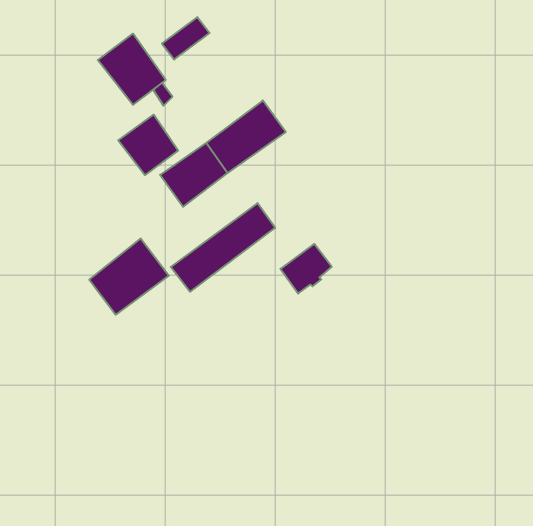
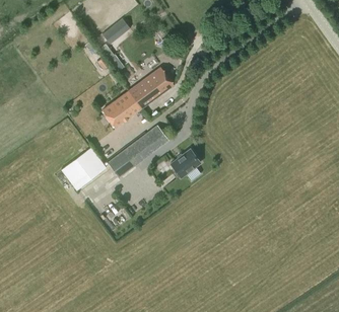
building: [98,34,166,105] -> none
building: [118,115,178,175] -> none

